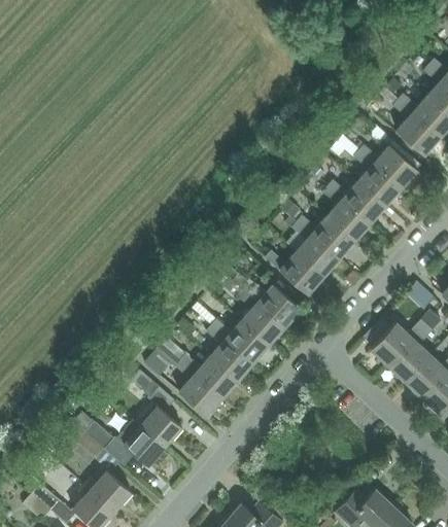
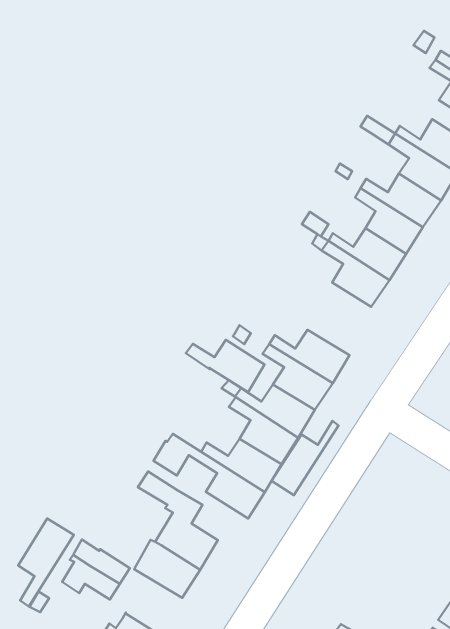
building: [266,252,322,294] -> [186,340,265,392]
building: none -> [272,421,339,495]
building: none -> [18,519,74,606]

